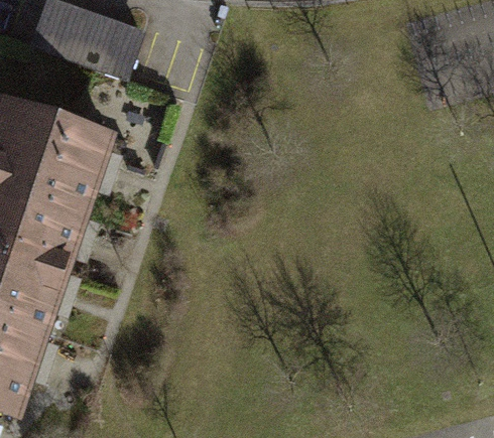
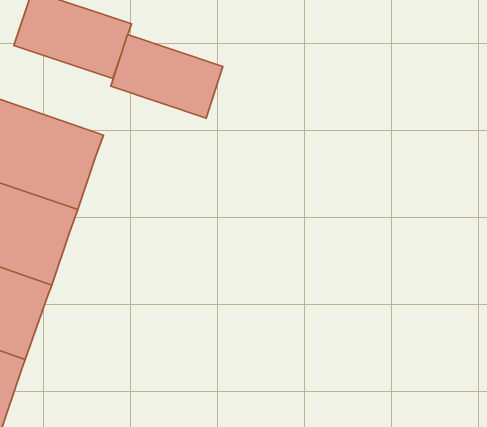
building: none -> [111,35,223,118]

